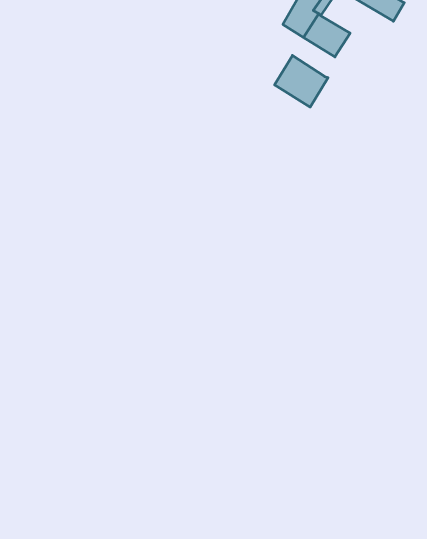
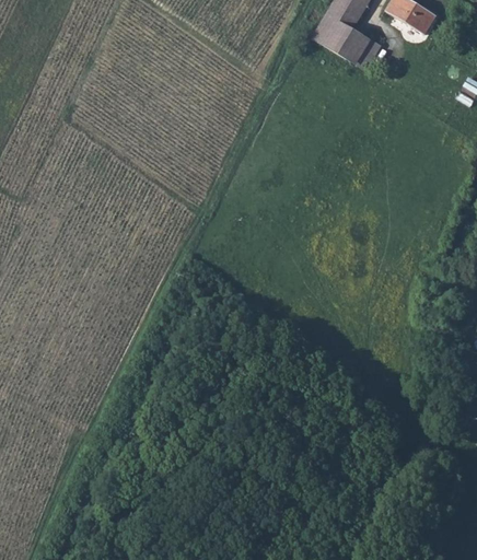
building: [275,55,328,107] -> none

